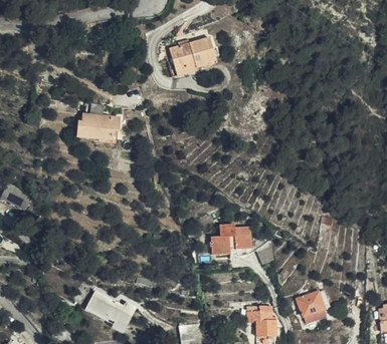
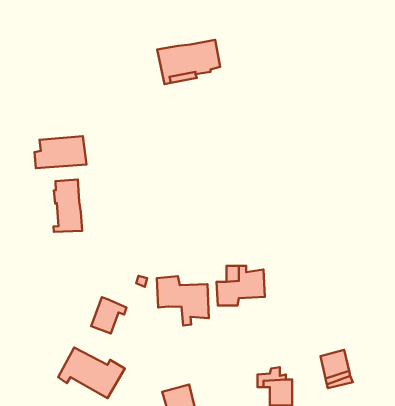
building: none -> [53,179,82,232]
building: none -> [157,276,209,325]
building: none -> [91,297,127,333]

